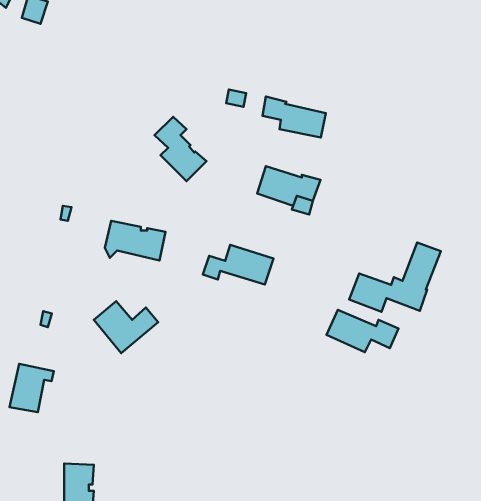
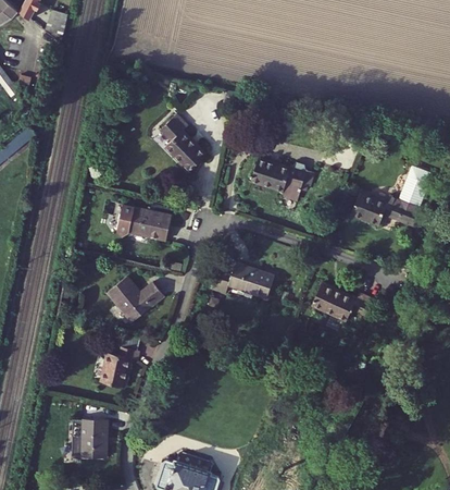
building: [263,96,326,138] -> none
building: [349,243,441,312] -> [350,164,430,225]
building: [203,245,273,284] -> [212,264,274,298]
building: [9,364,54,412] -> [100,345,139,388]

